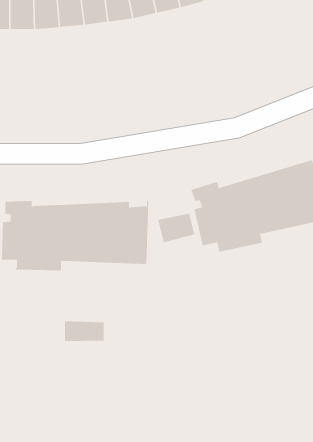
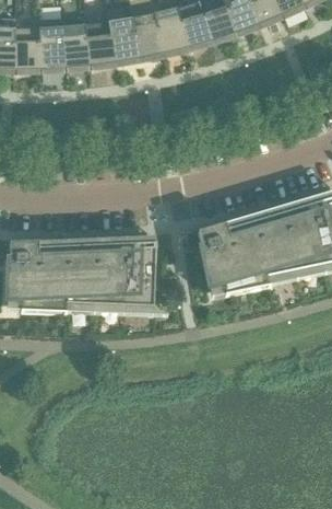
building: [157,213,195,243] -> none
building: [63,321,104,342] -> none

